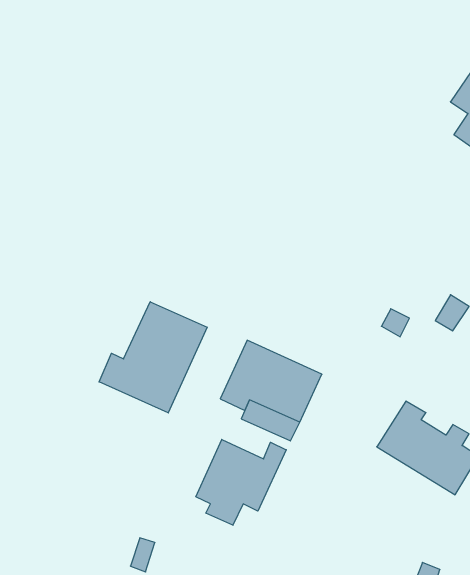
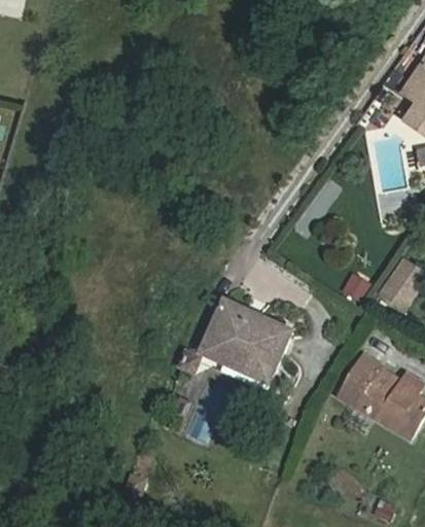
building: [99,302,207,413] -> none
building: [196,439,286,525] -> none

